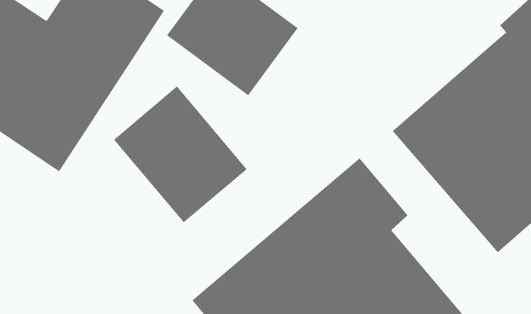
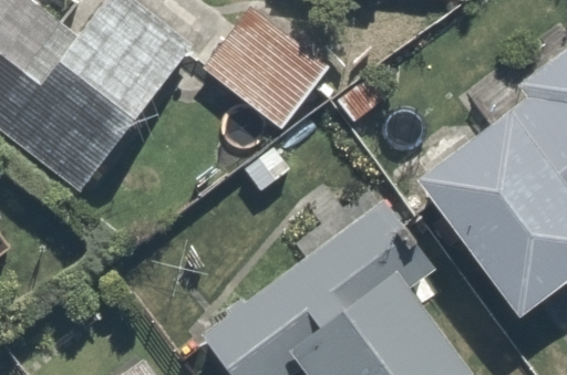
building: [113,85,248,223] -> none

